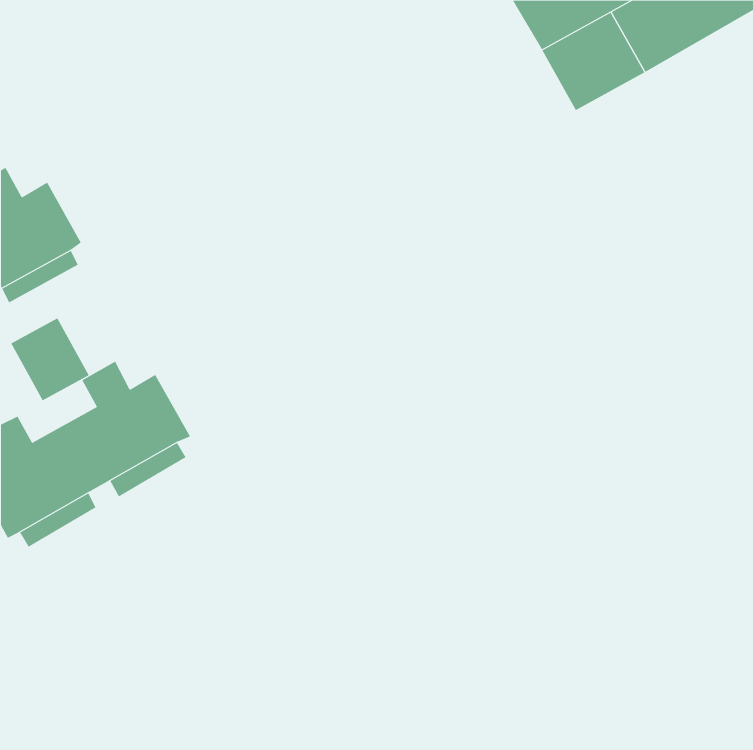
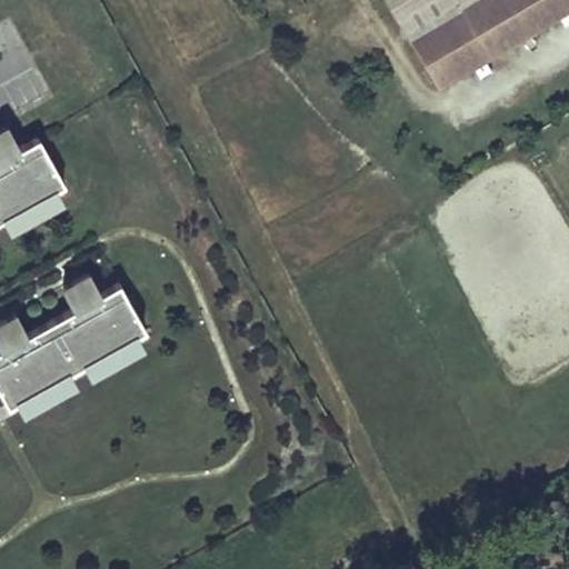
building: [10,318,89,401] -> none

